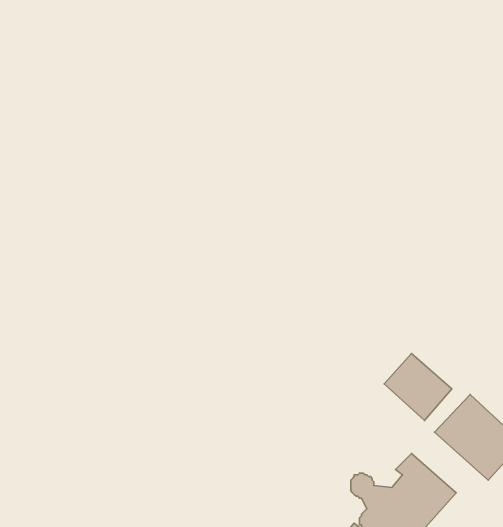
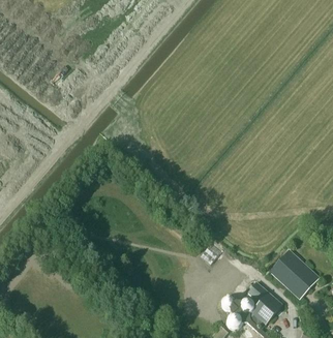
building: [384,354,452,421] -> none

